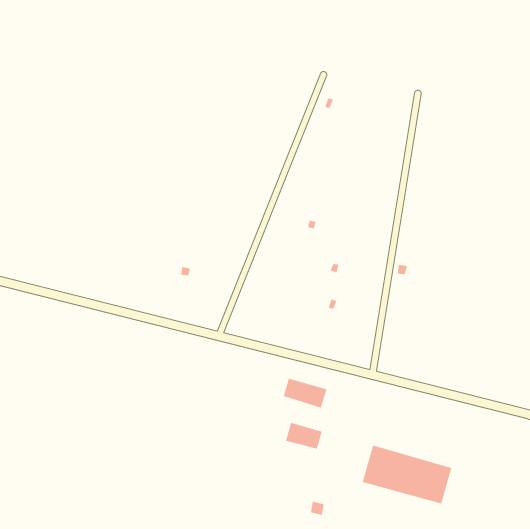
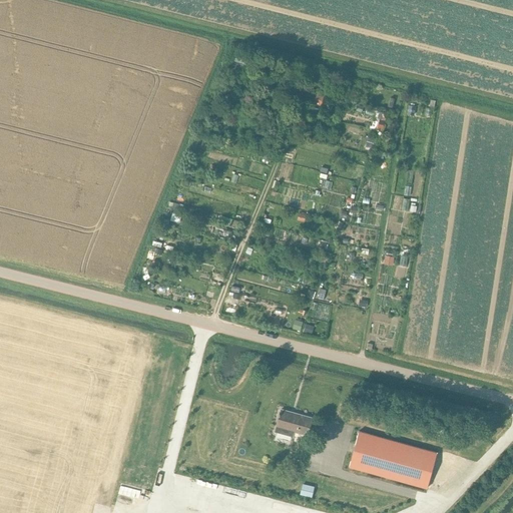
building: [283,378,327,409] -> none

